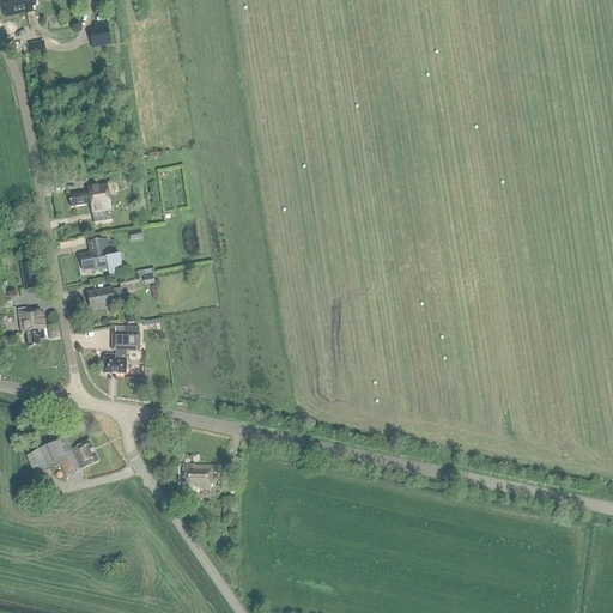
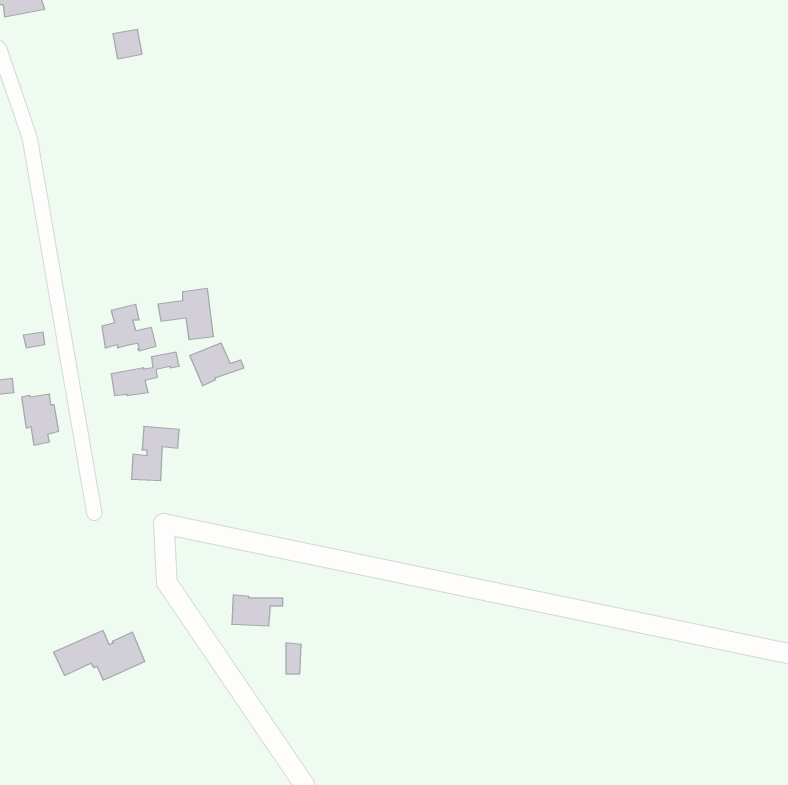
building: [67,180,110,219] -> [158,289,214,340]
building: none -> [190,343,244,386]
building: [26,436,97,474] -> [54,631,145,680]

